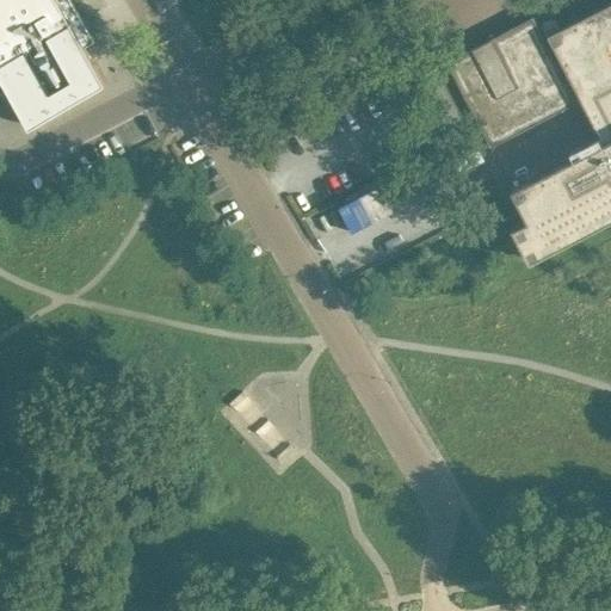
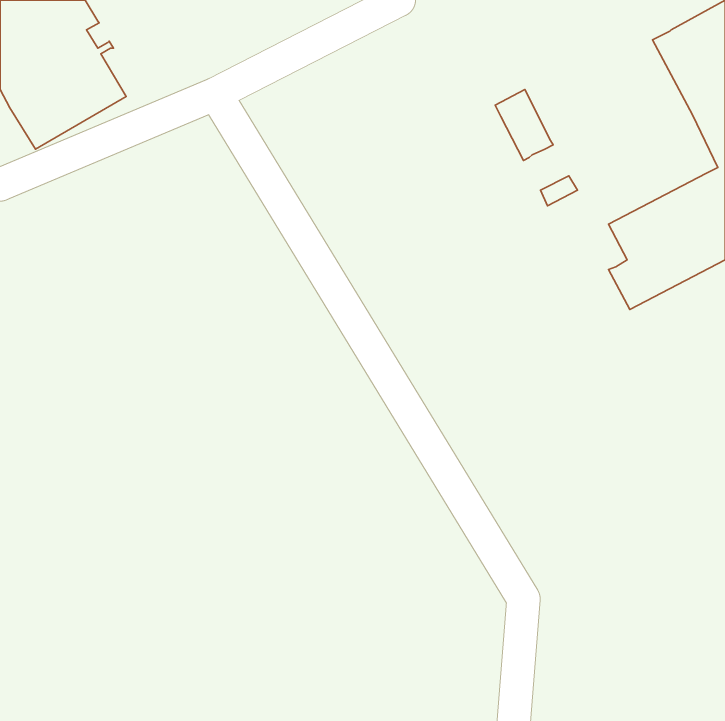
building: [446,19,576,149] -> none

